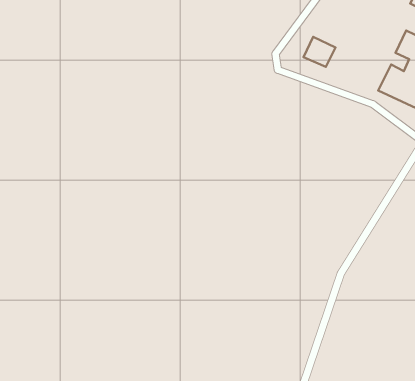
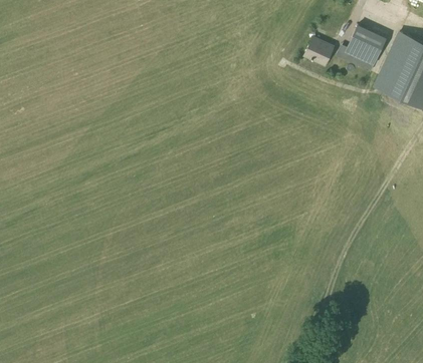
building: none -> [344,28,385,69]

